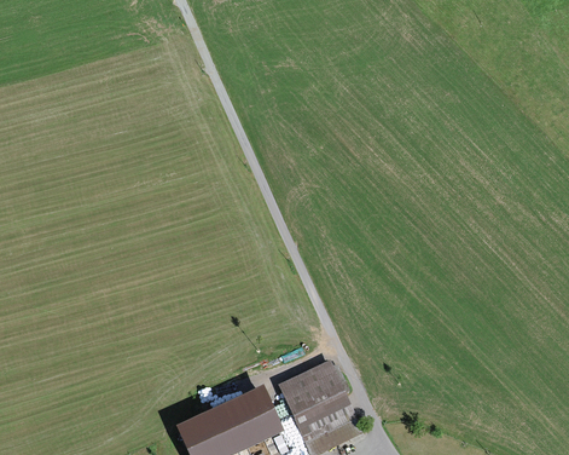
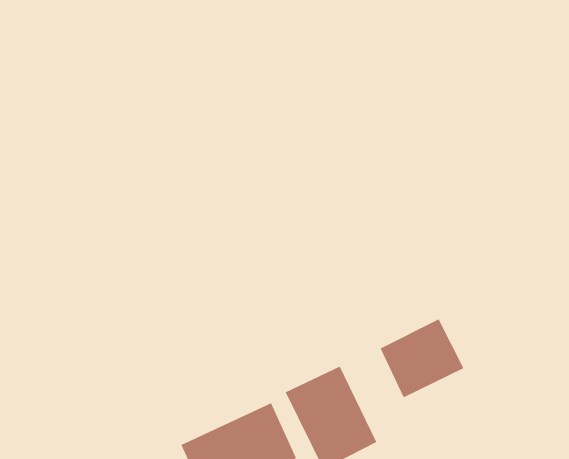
building: none -> [380,318,464,398]

